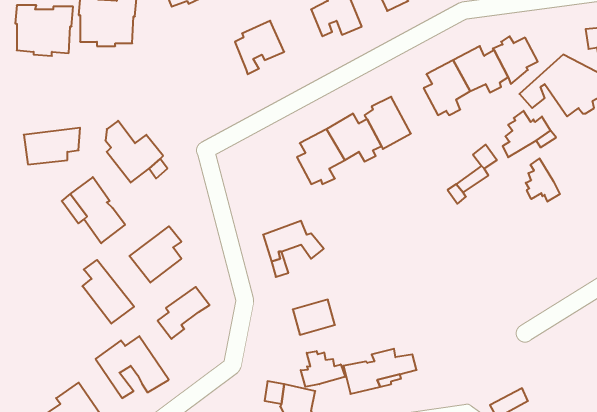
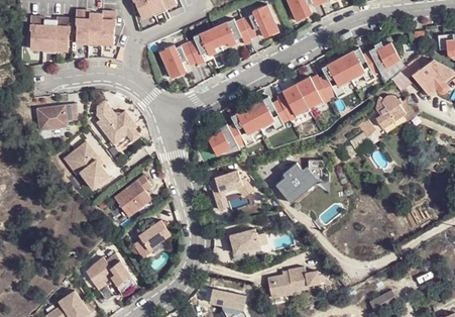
building: none -> [212,21,250,51]
building: none -> [158,44,195,80]
building: none -> [299,75,333,110]
building: none -> [210,124,243,155]
building: [526,158,560,202] -> none
building: none -> [272,161,327,202]
building: [82,260,134,324] -> none
building: [301,351,345,387] -> none

